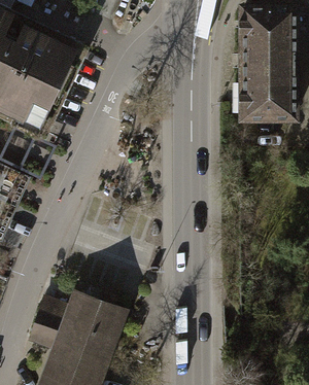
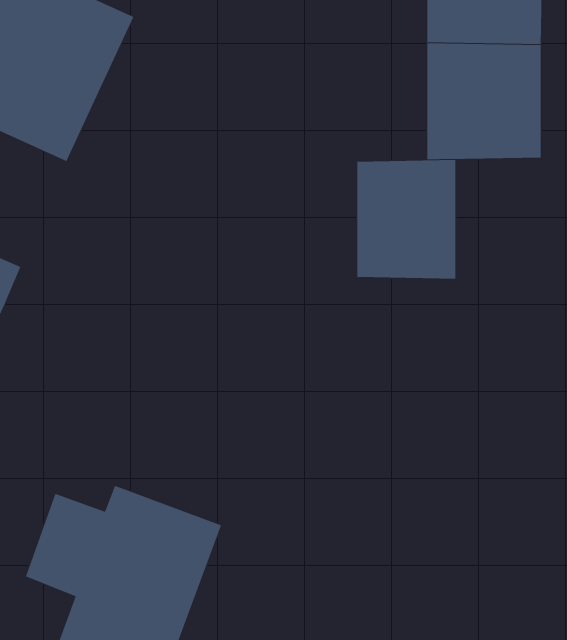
building: none -> [357,159,456,280]

